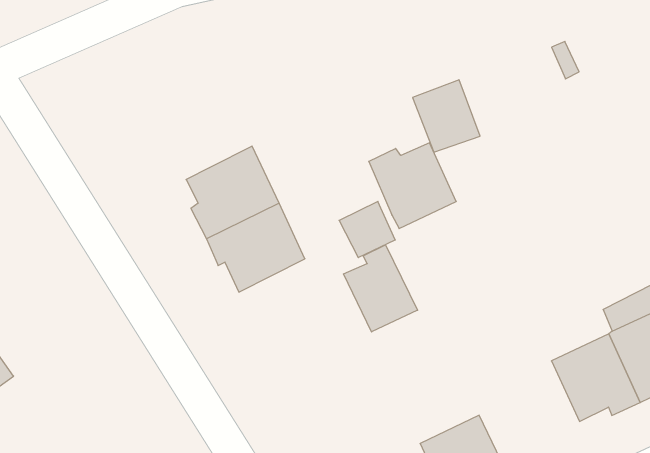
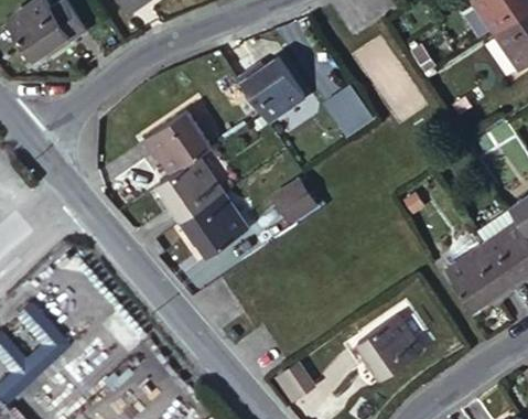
building: none -> [151,112,219,174]
building: [369,143,456,229] -> [247,57,313,121]
building: [344,245,418,332] -> none

